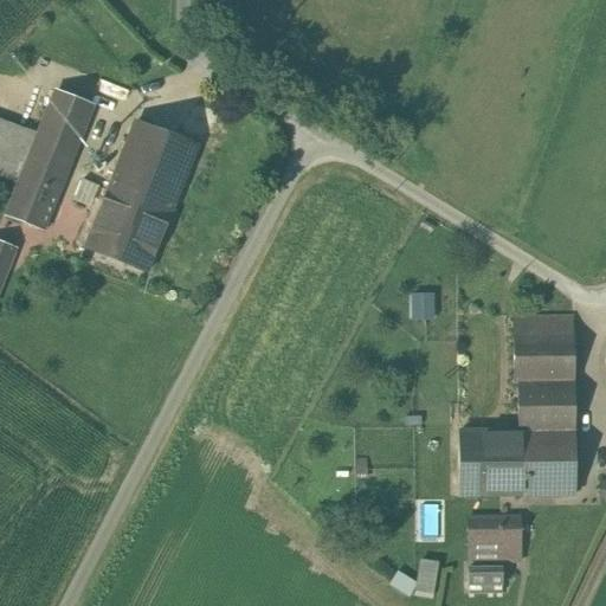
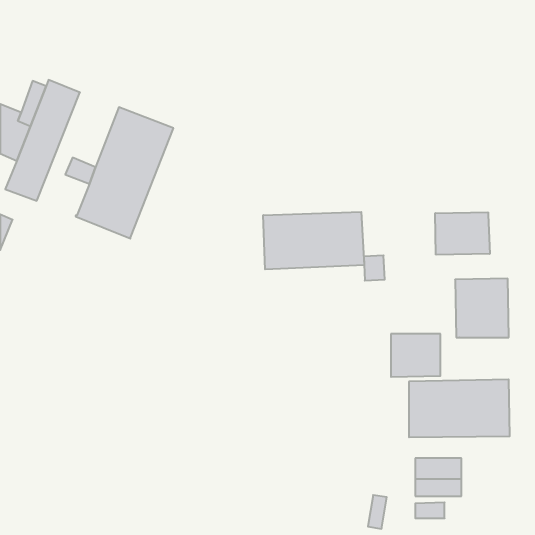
building: none -> [263,212,364,269]
building: none -> [435,212,490,255]
building: [520,380,575,428] -> [391,334,440,377]

